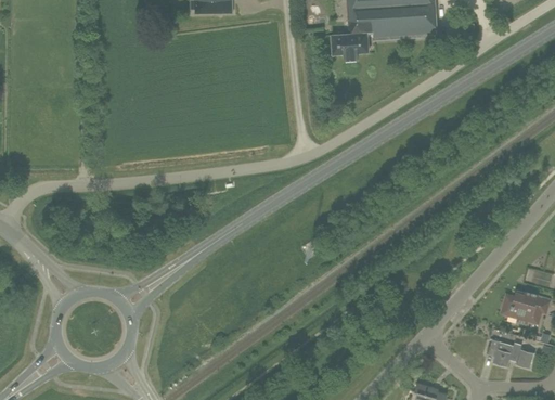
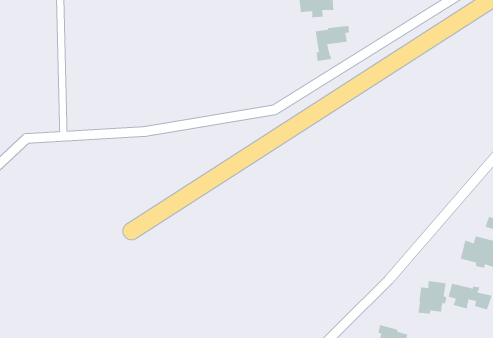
building: none -> [315,25,350,62]
building: none -> [418,280,447,314]

